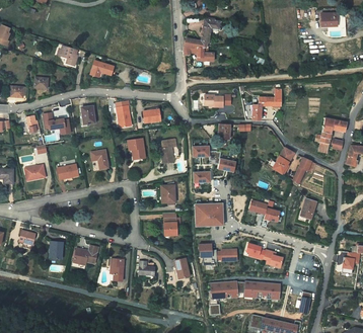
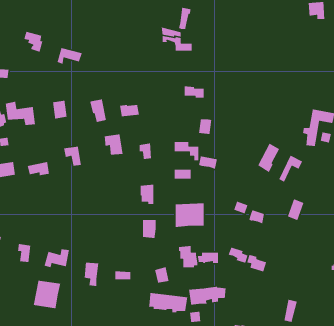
building: [252,89,283,119] -> none
building: none -> [33,280,61,309]
building: [242,279,280,299] -> [147,292,188,313]

